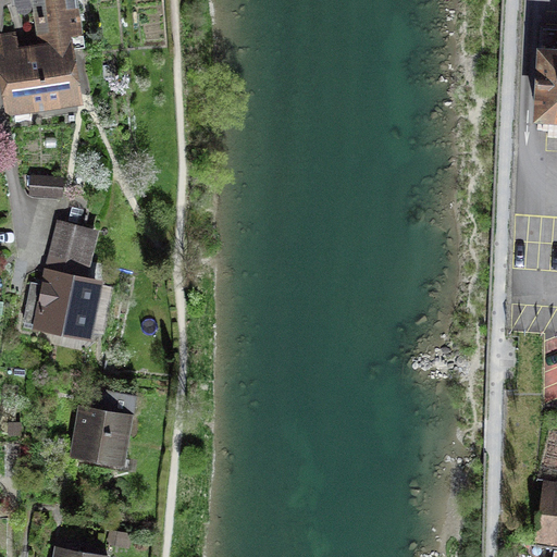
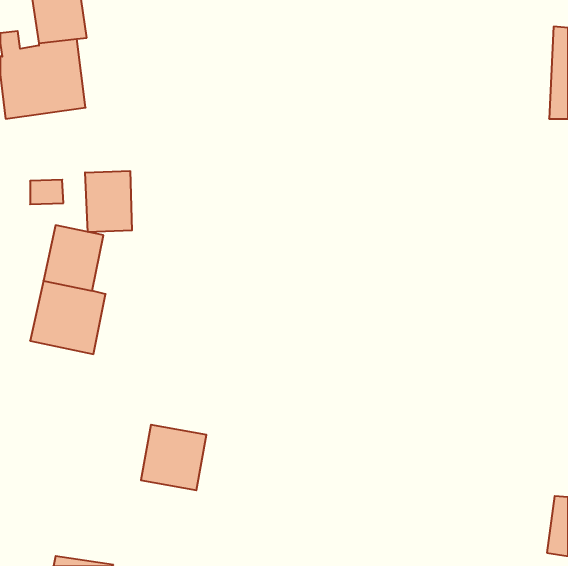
building: none -> [85,171,132,232]
building: [69,400,133,465] -> [141,425,206,490]

